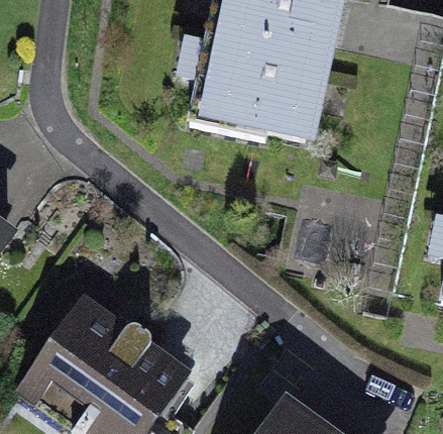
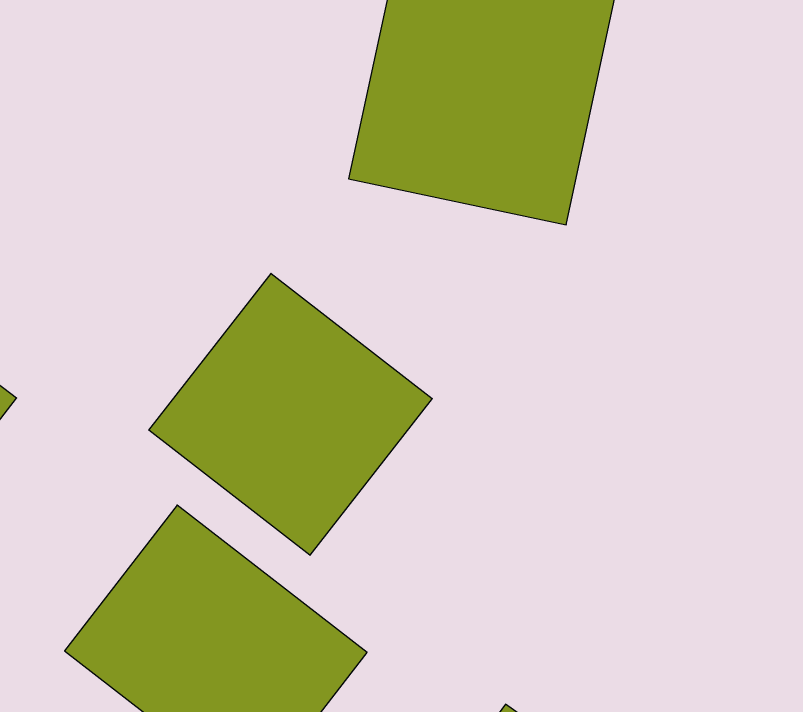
building: none -> [149,273,432,555]

